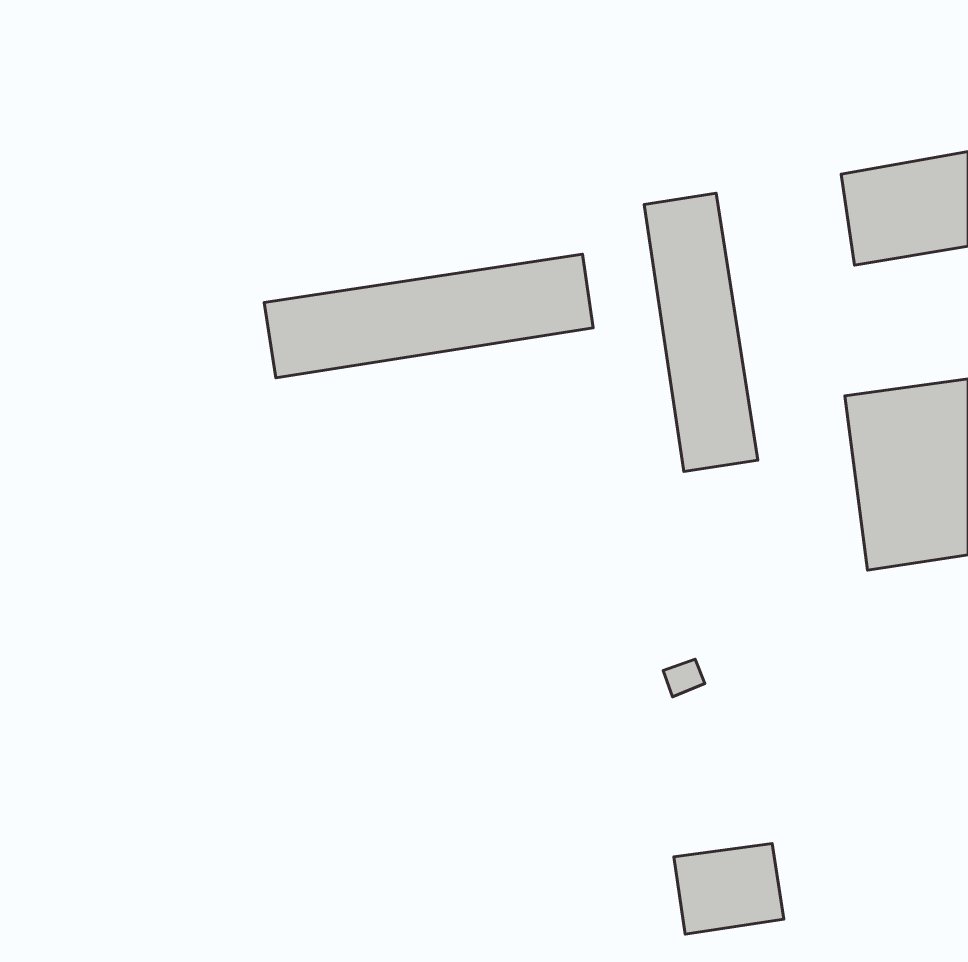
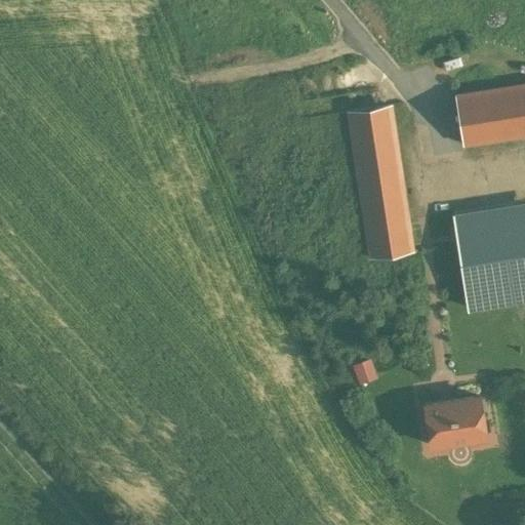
building: [264,254,593,378] -> none
building: [674,843,784,934] -> [423,397,483,446]

